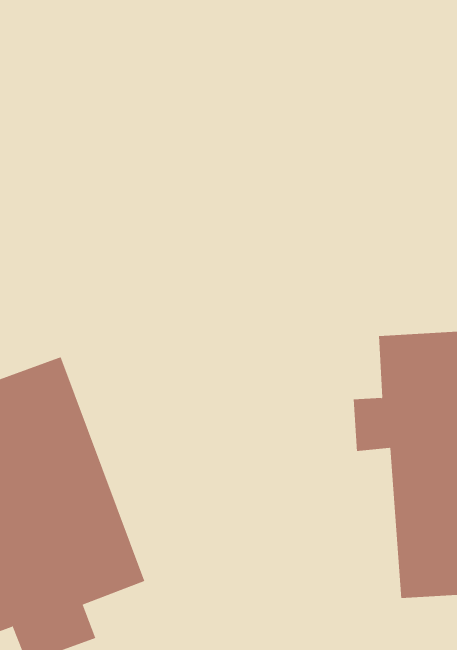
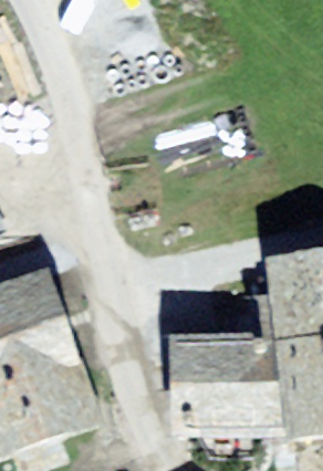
building: none -> [166,329,281,442]

